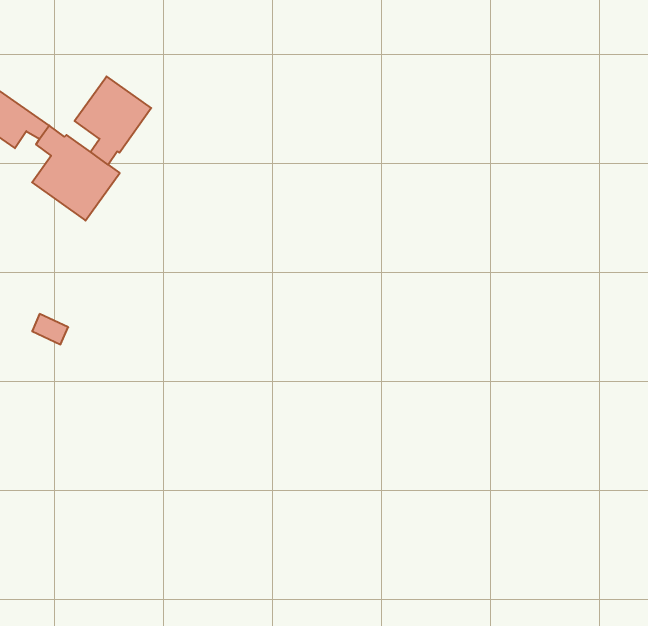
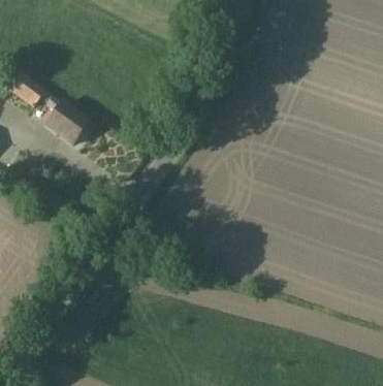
building: [75,76,151,165] -> none

